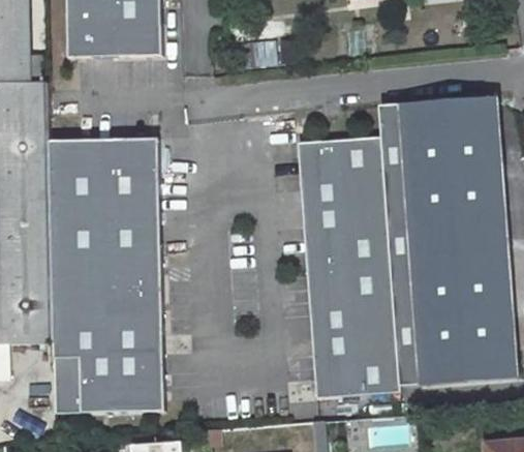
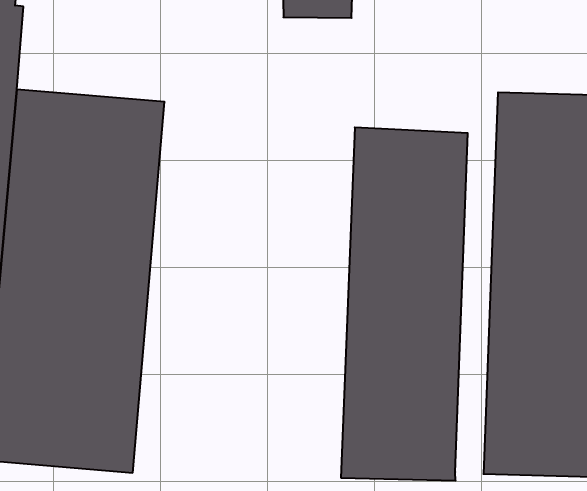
building: [378,104,420,385] -> none

